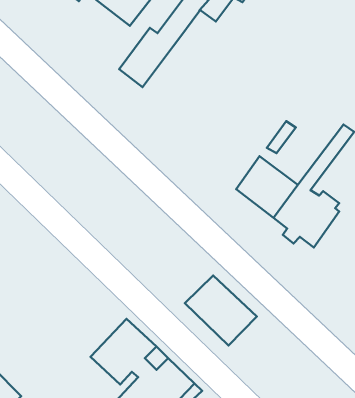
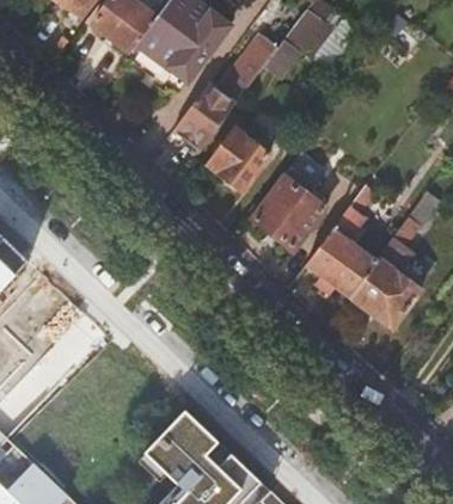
building: none -> [208,127,271,192]
building: none -> [253,154,329,250]
building: [185,275,257,345] -> none

